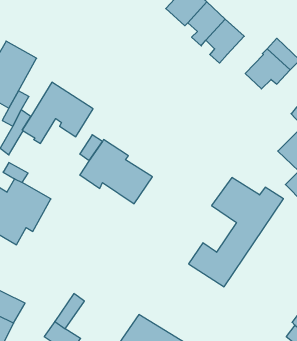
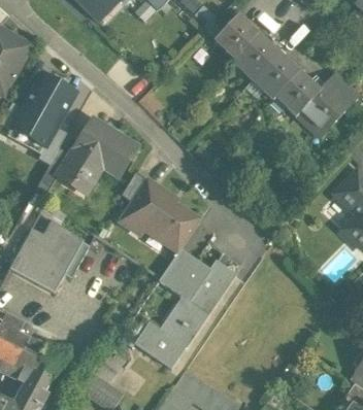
building: none -> [280,70,320,115]
building: [189,178,283,287] -> [134,250,236,368]

